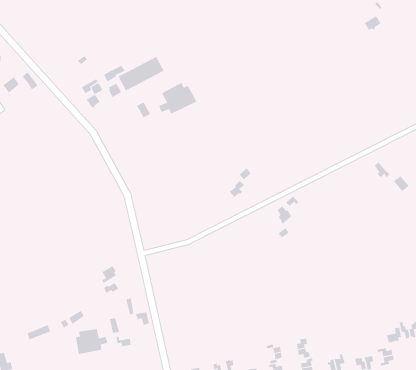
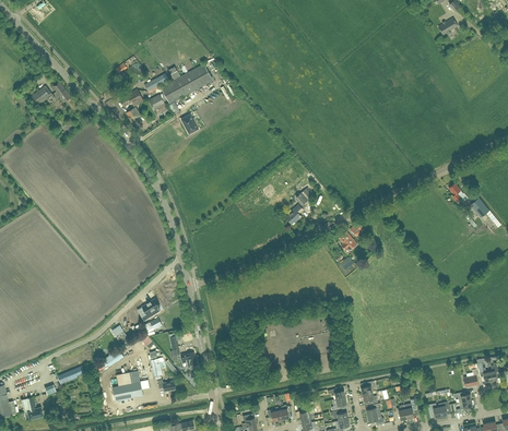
building: [159,82,197,115] -> none

